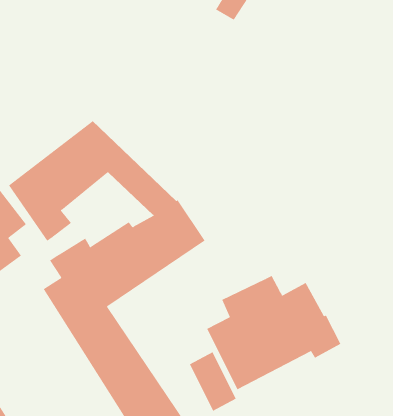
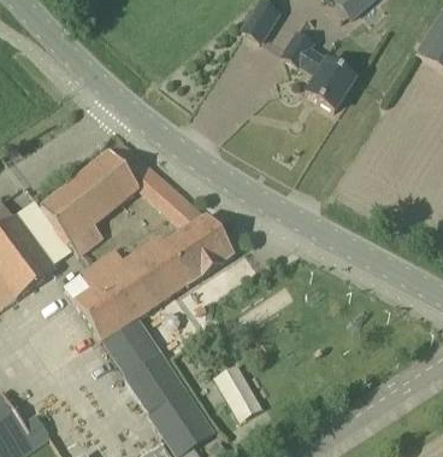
building: none -> [282,31,356,111]
building: [206,275,341,390] -> none

